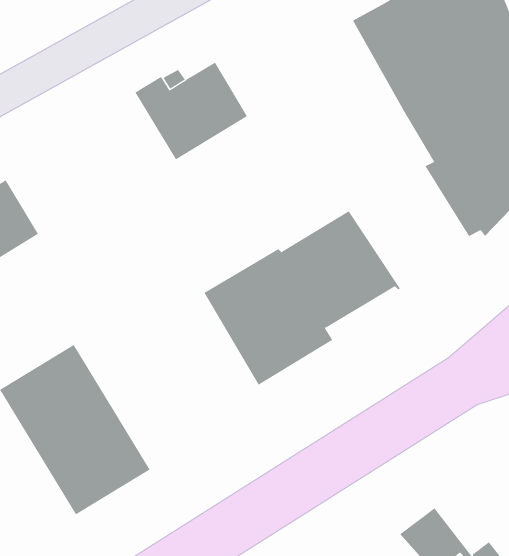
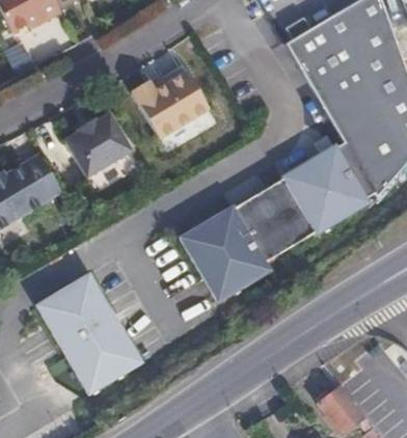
building: none -> [64,116,131,181]
building: none -> [280,144,369,231]

